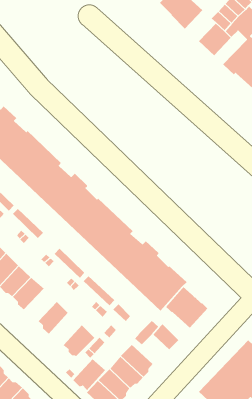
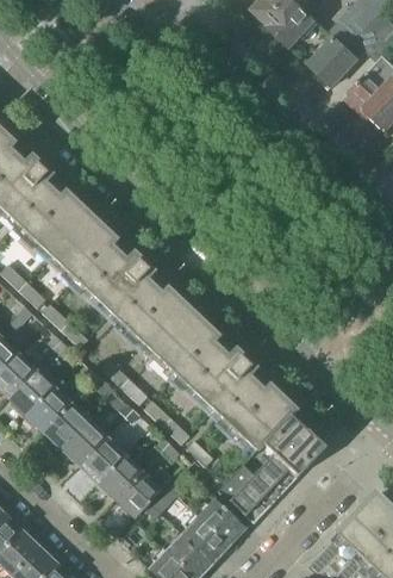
building: none -> [58,418,106,465]
building: none -> [257,453,297,492]
building: none -> [227,484,267,523]
building: [73,359,106,391] -> [94,453,142,499]

